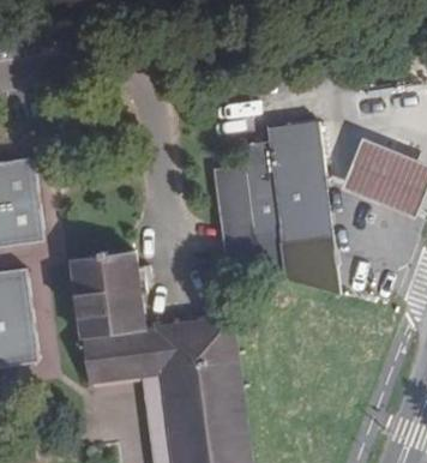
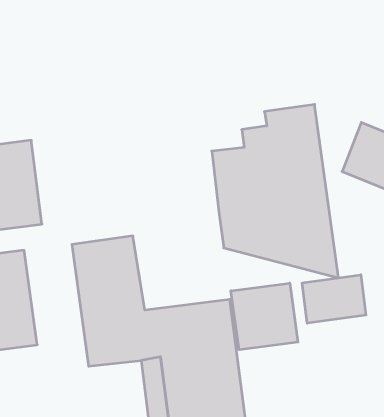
building: none -> [302,275,366,323]
building: none -> [231,283,298,350]

